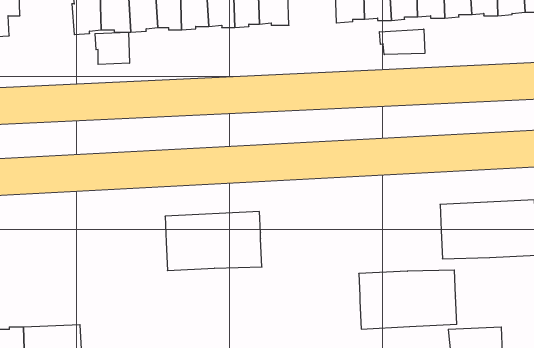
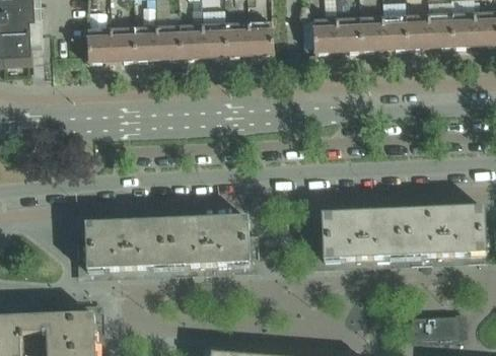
building: [379,29,425,55] -> none
building: [95,32,129,64] -> none
building: none -> [84,219,168,270]
building: [359,270,457,329] -> [321,209,405,260]

